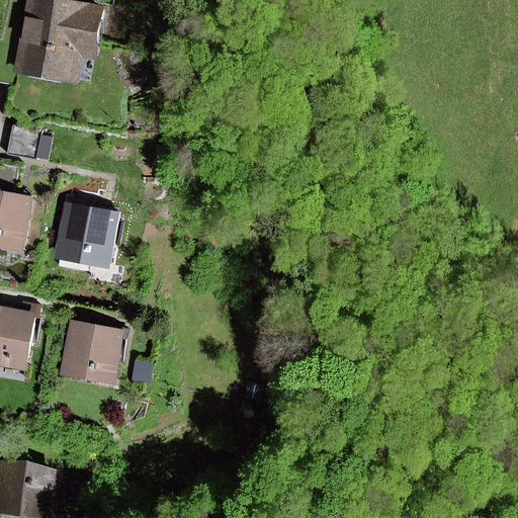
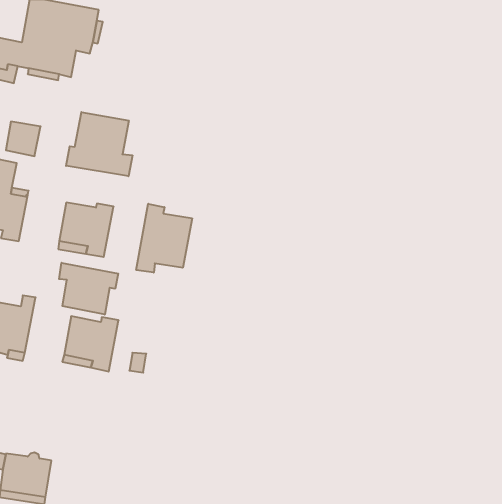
building: none -> [66,112,132,176]
building: none -> [136,204,192,273]
building: none -> [59,263,118,315]

